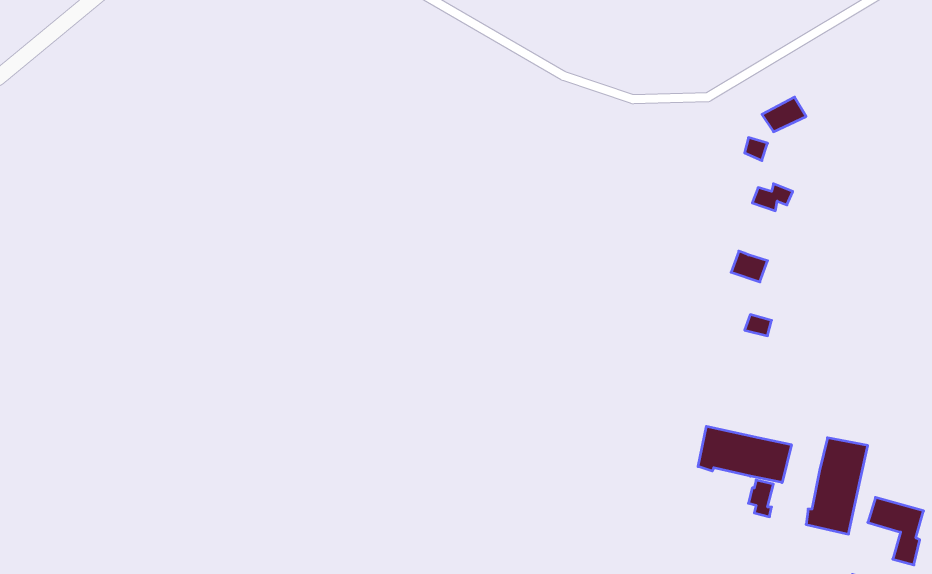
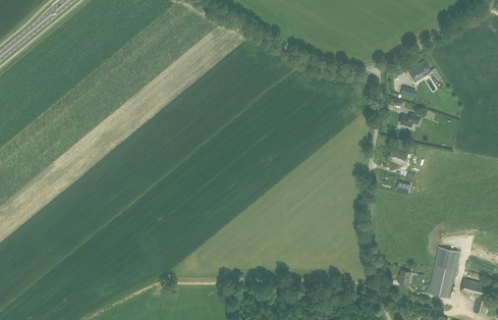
building: [698,426,791,483] -> none

